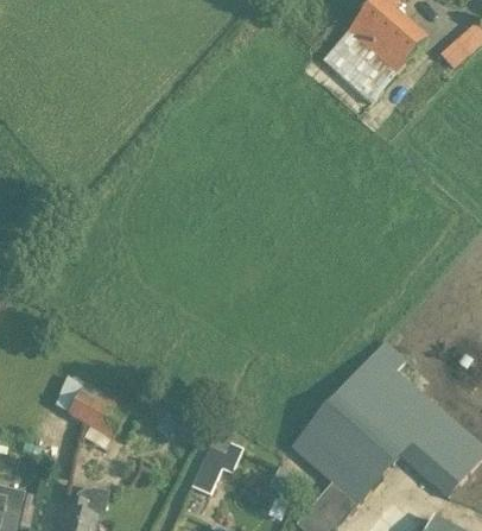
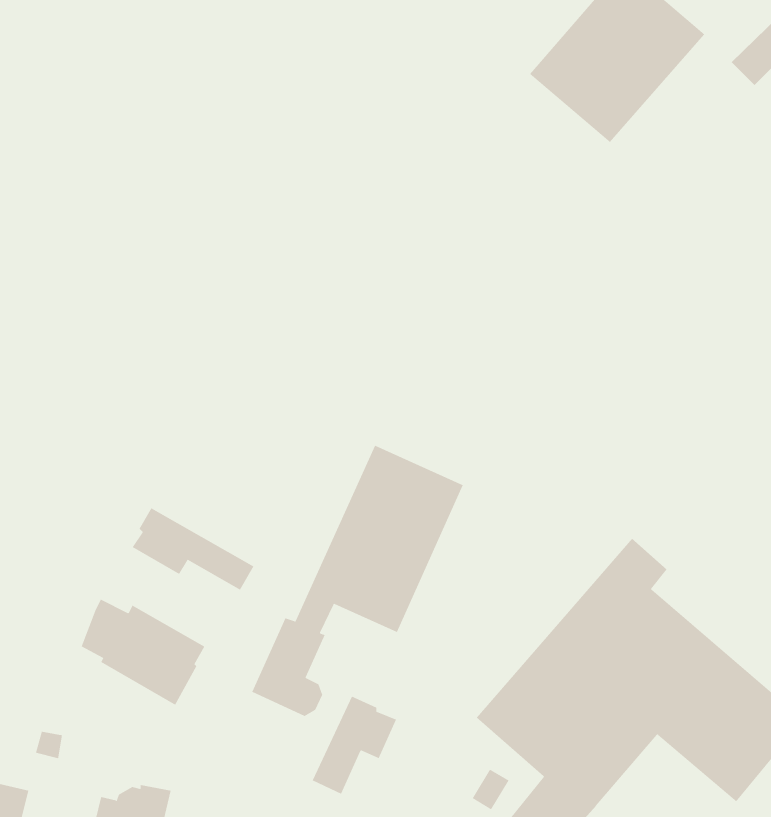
building: none -> [251,445,463,717]
building: none -> [132,508,254,591]

